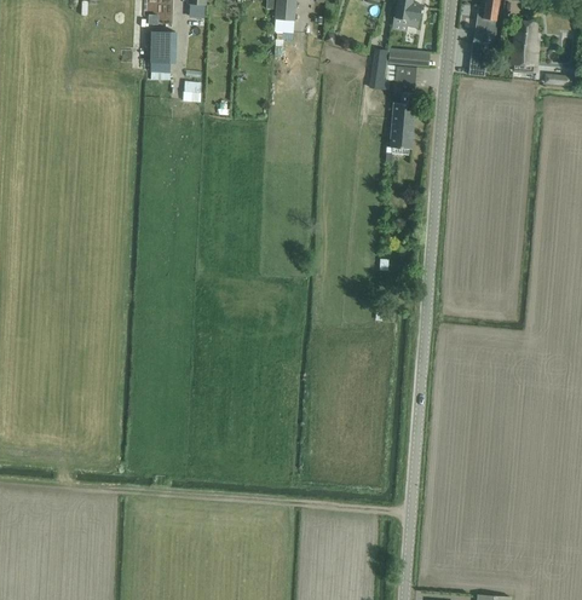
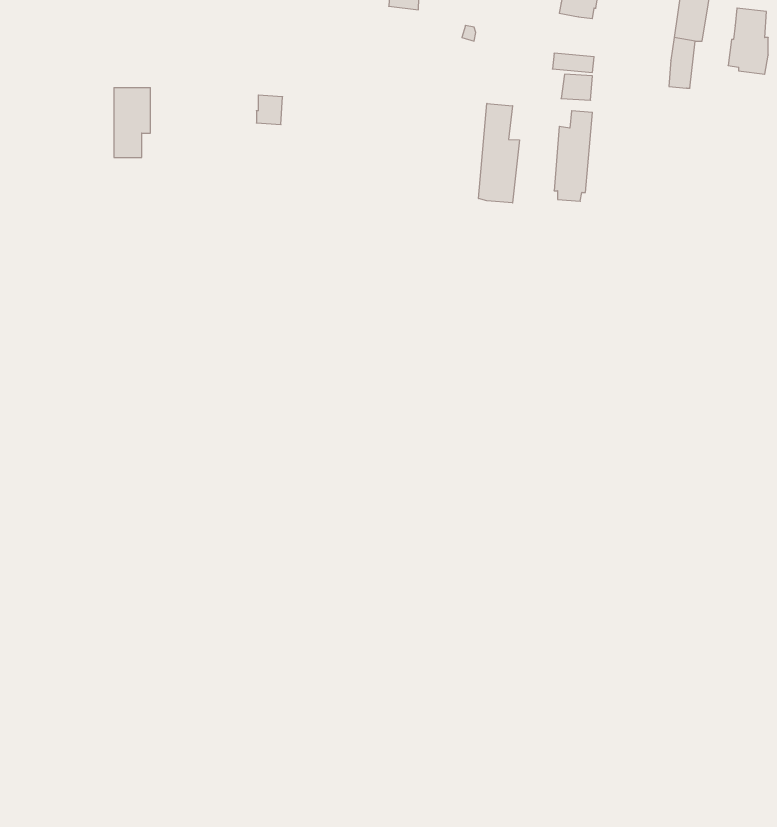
building: [150,29,175,77] -> [114,88,150,157]
building: none -> [479,103,519,203]

